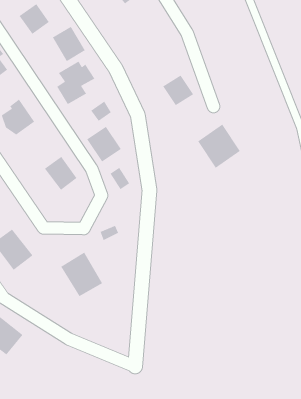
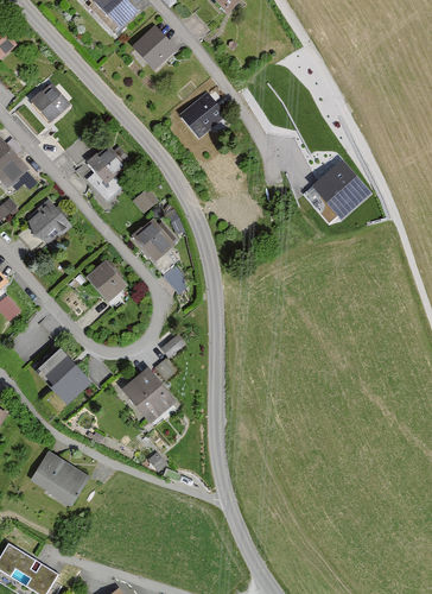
building: [52,26,86,62] -> none
building: [162,75,194,106] -> [185,93,224,131]
building: [197,124,241,169] -> [313,164,367,219]

